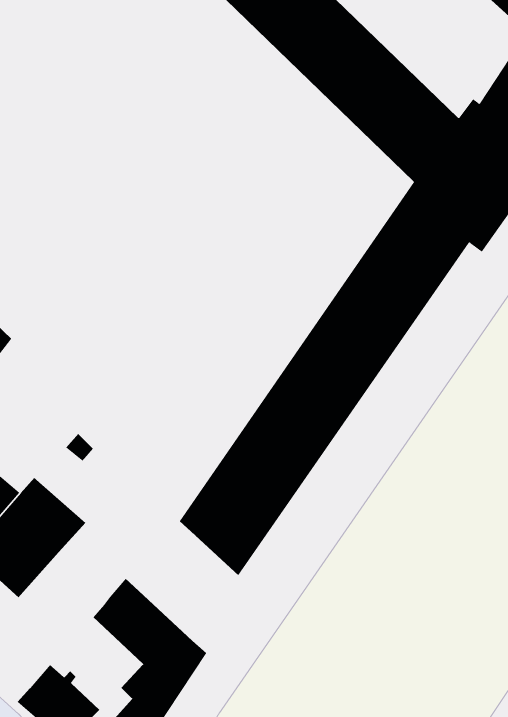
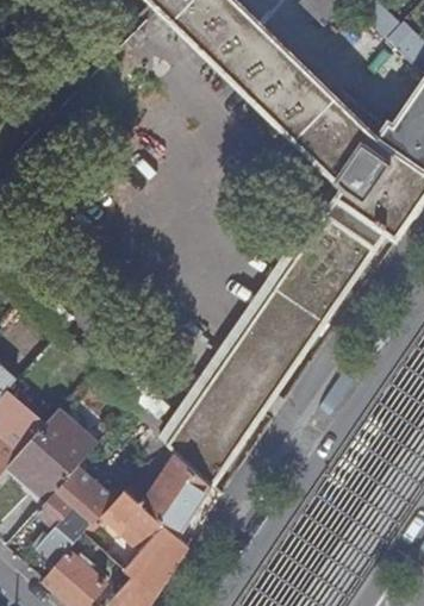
building: none -> [141,454,212,533]
building: none -> [37,467,114,569]

